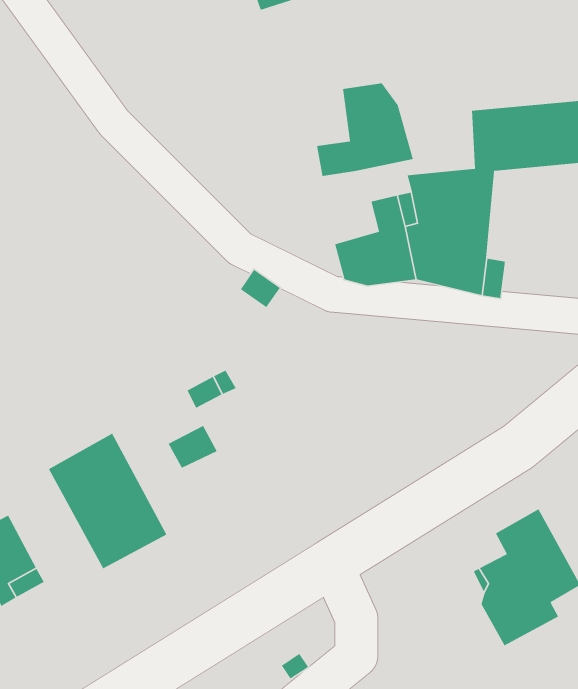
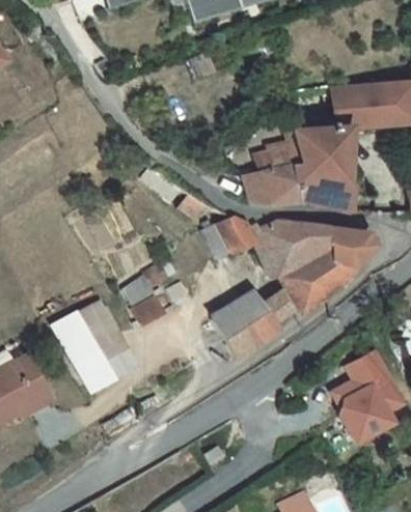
building: [316,83,414,177] -> none
building: none -> [203,216,374,359]

